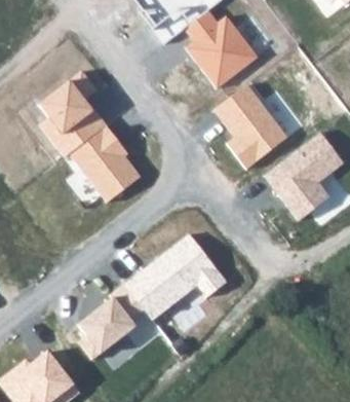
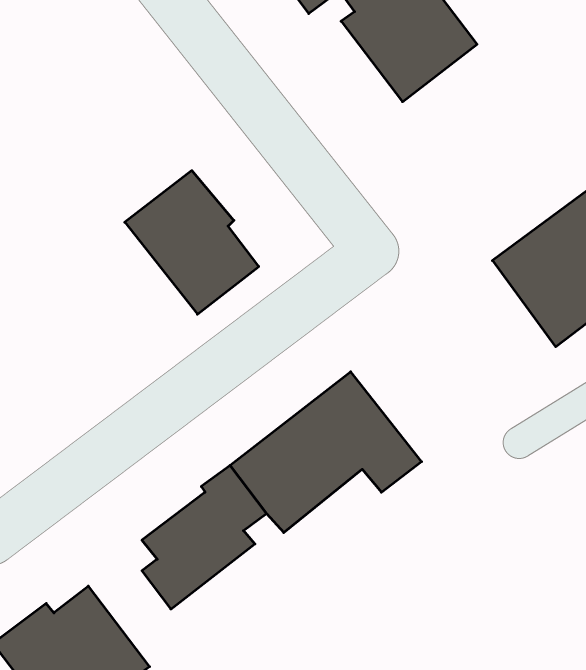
building: [37,69,105,156] -> none
building: [215,85,287,167] -> none

